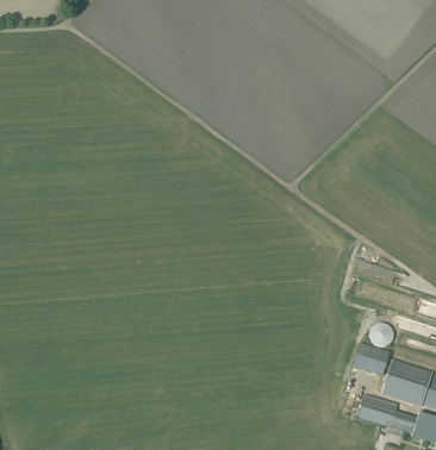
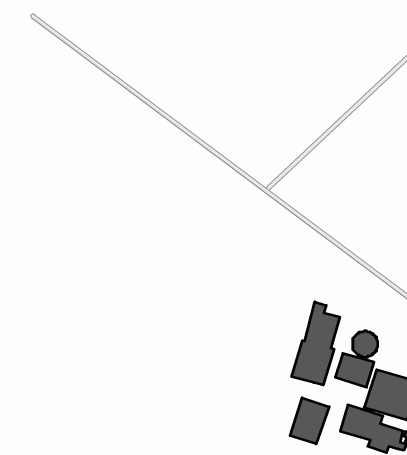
building: none -> [292,302,340,385]
building: none -> [290,398,329,444]

